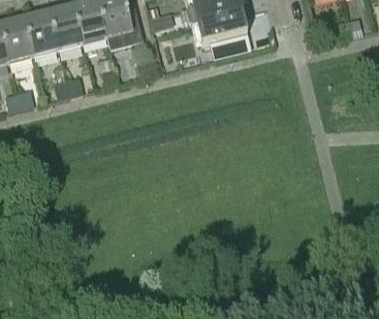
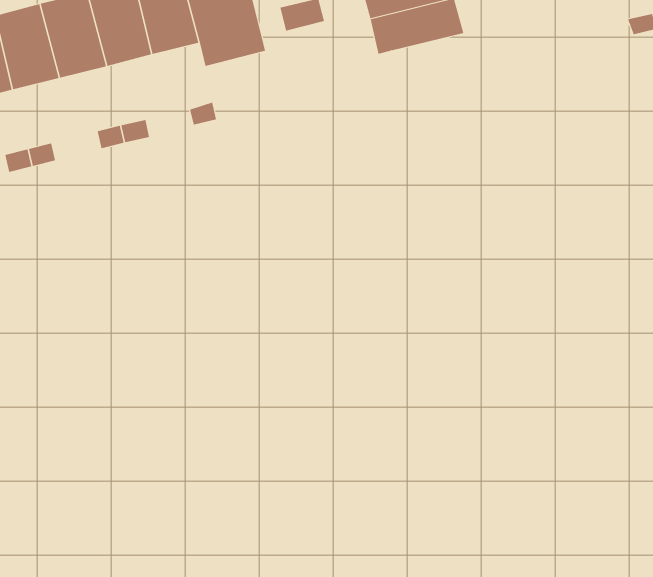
building: [210,30,252,57] -> none

